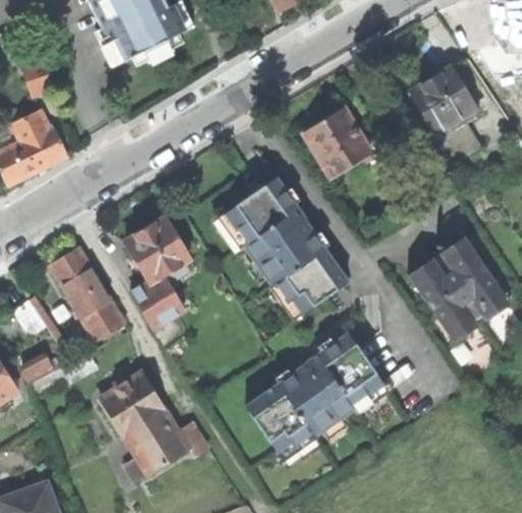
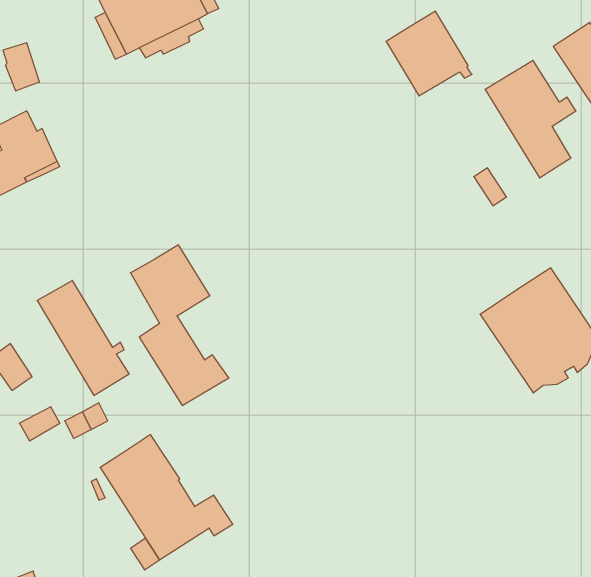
building: [305,108,374,176] -> [386,11,472,96]
building: [224,178,347,313] -> none
building: [248,331,383,451] -> none

